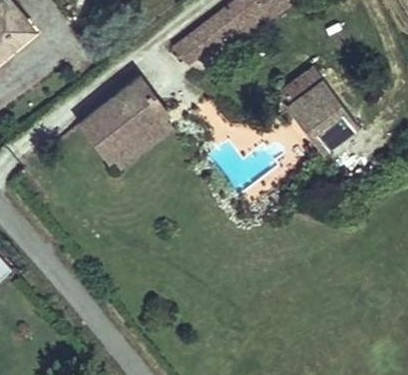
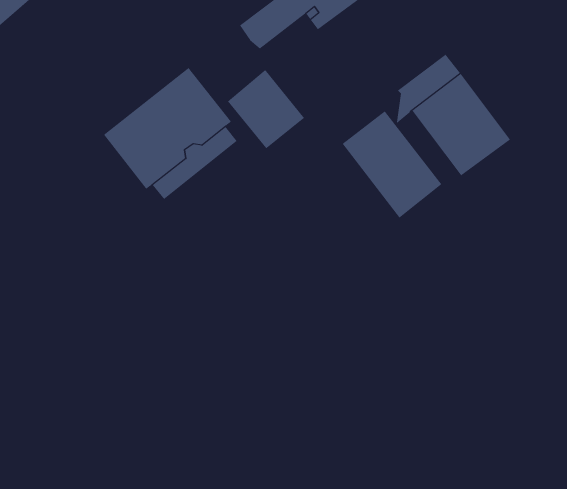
building: none -> [227,69,305,150]
building: none -> [342,110,442,218]

